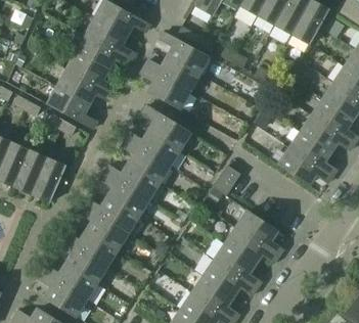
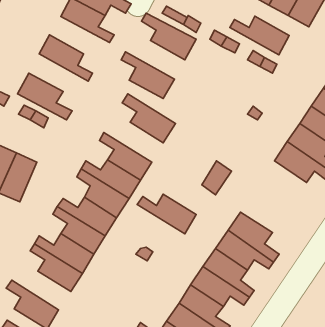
building: [77,35,131,68] -> none
building: [145,56,198,91] -> [230,16,289,55]
building: [58,68,111,102] -> none
building: [126,130,179,166] -> [137,194,196,234]
building: [43,264,96,298] -> none

